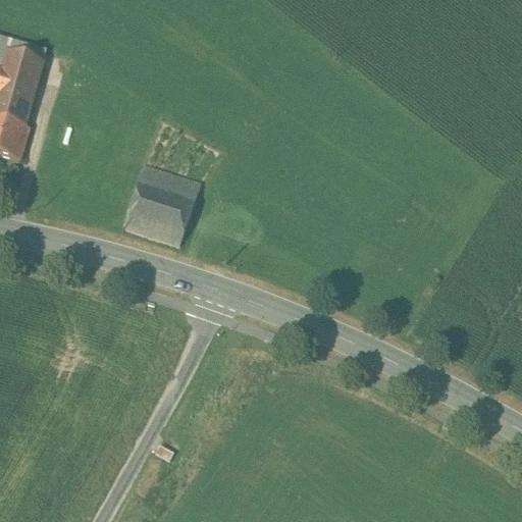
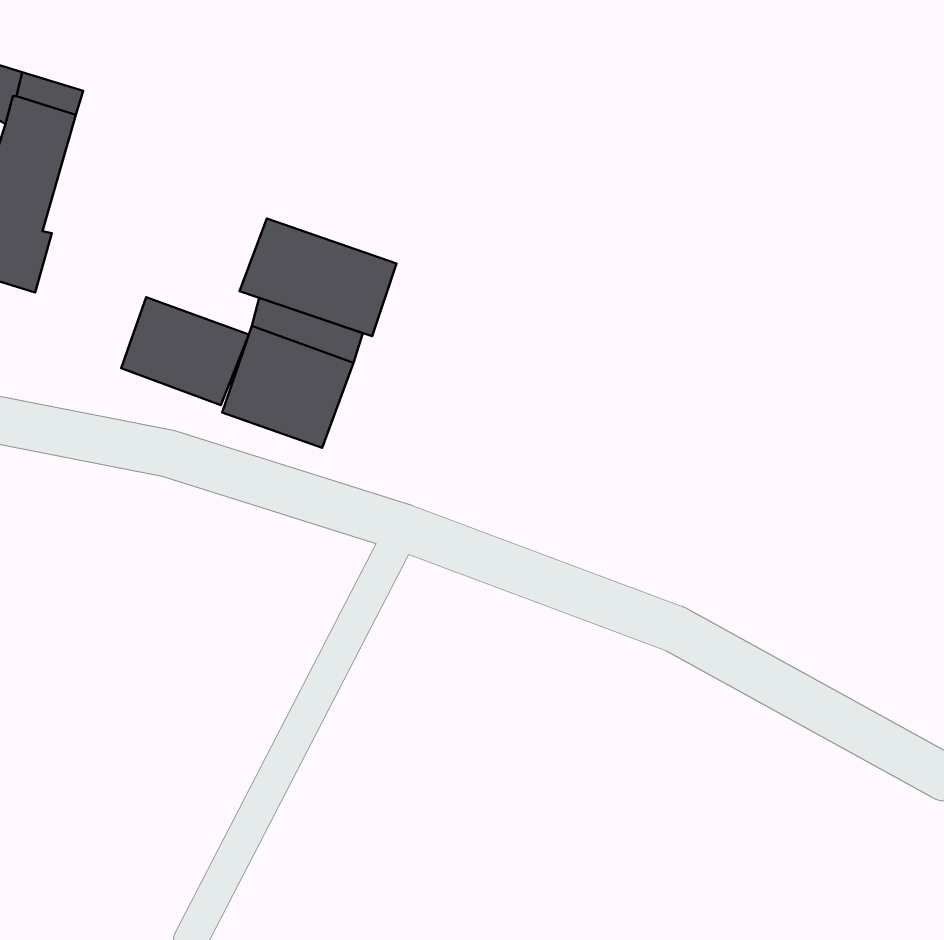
building: none -> [240,219,396,336]
building: none -> [121,297,249,405]

